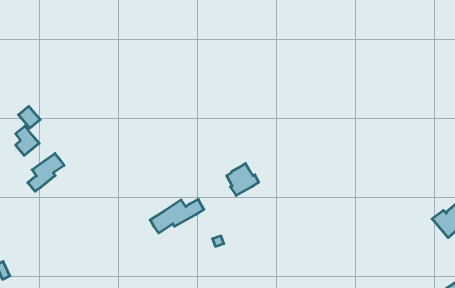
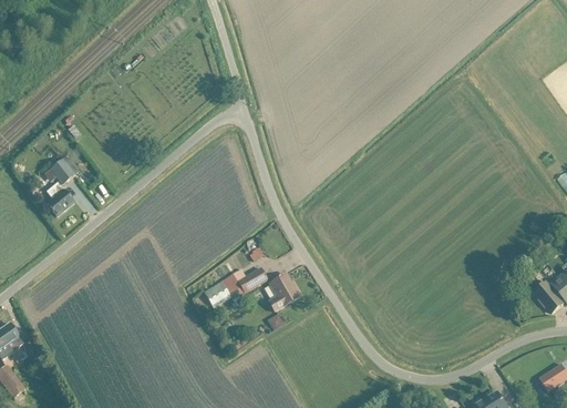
building: [28,153,64,191] -> none
building: [227,163,259,196] -> [264,273,301,310]

